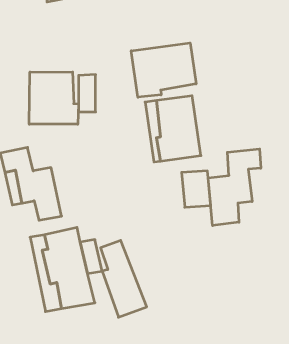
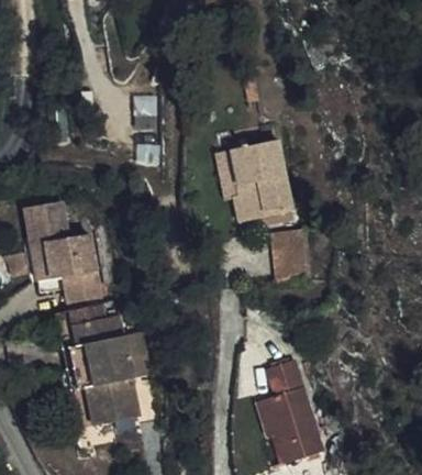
building: [131,43,196,97] -> none
building: [29,72,79,124] -> none
building: [208,149,261,226] -> none
building: [101,240,147,317] -> [262,354,324,459]

